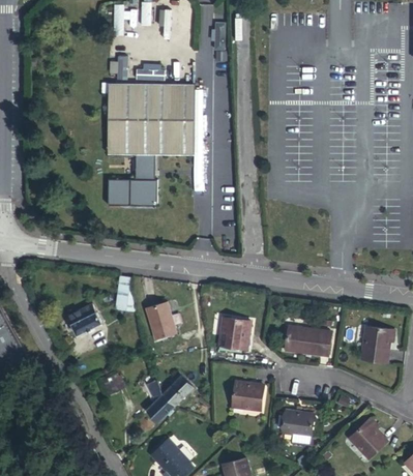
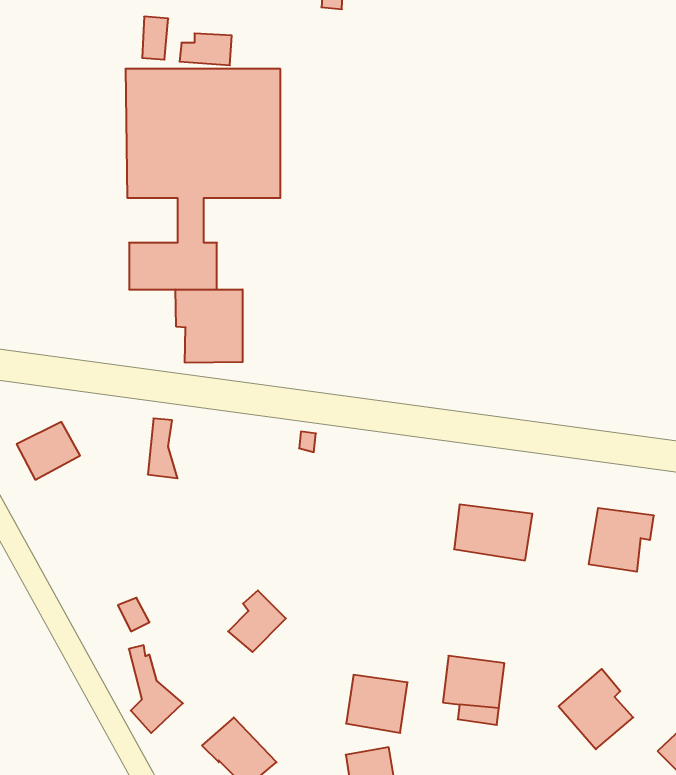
building: none -> [176,289,243,363]
building: [146,302,176,339] -> none
building: [68,305,104,337] -> [17,422,80,480]
building: [218,316,253,350] -> none
building: [146,375,176,423] -> [129,645,183,733]
building: [229,380,263,412] -> [346,675,408,733]

